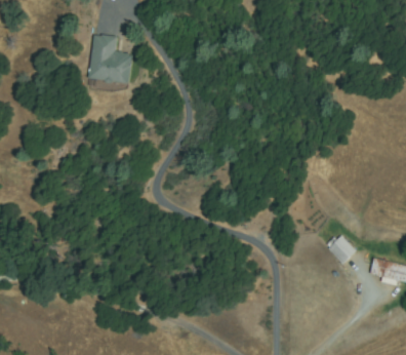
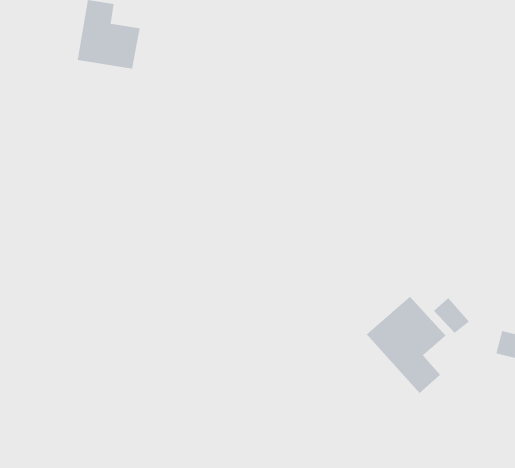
building: none -> [366,296,446,394]

